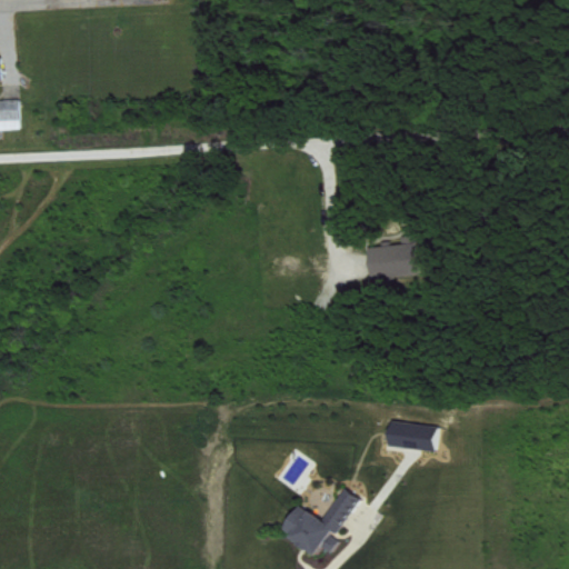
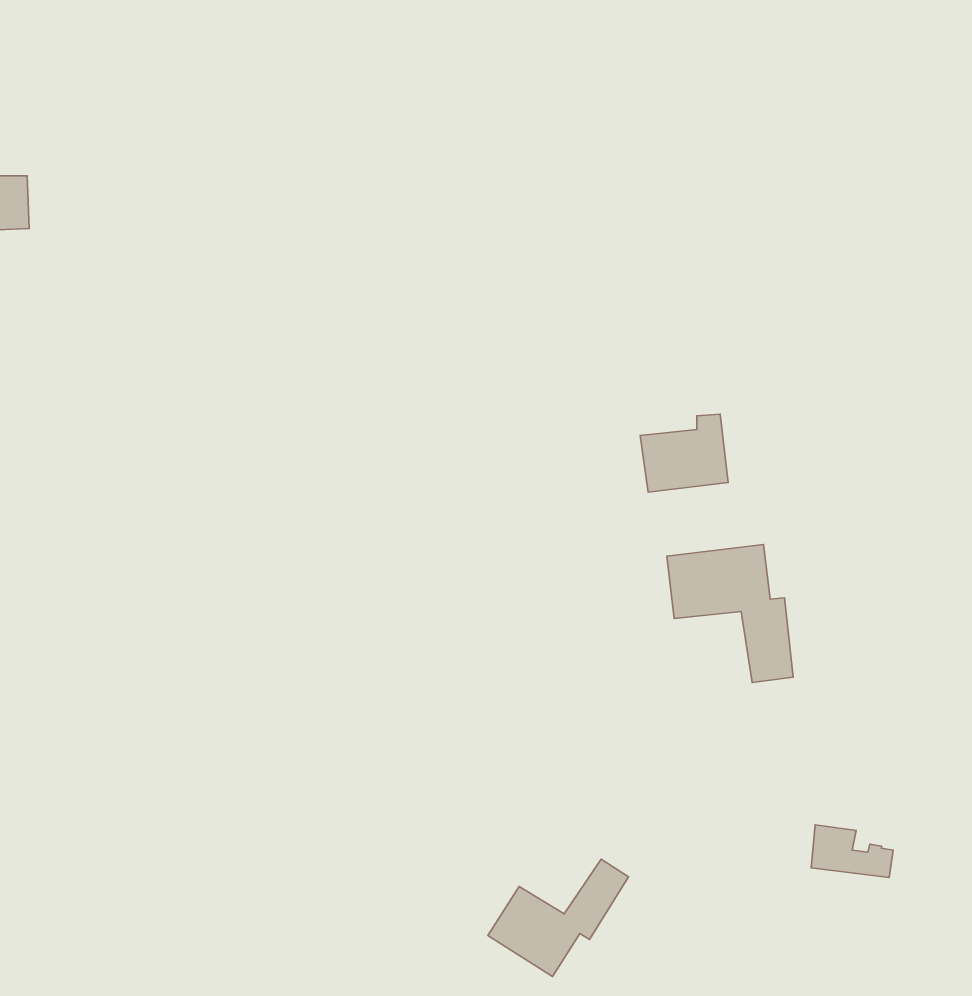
building: none -> [667,544,793,682]
building: [387,421,433,451] -> [811,825,893,877]

